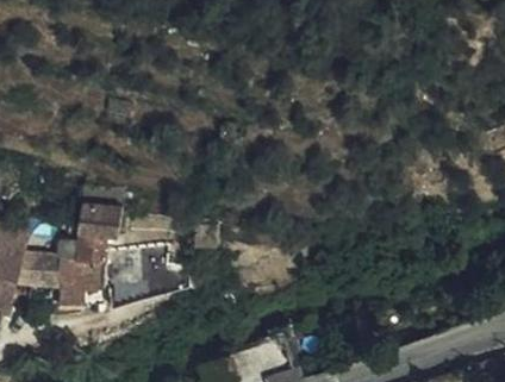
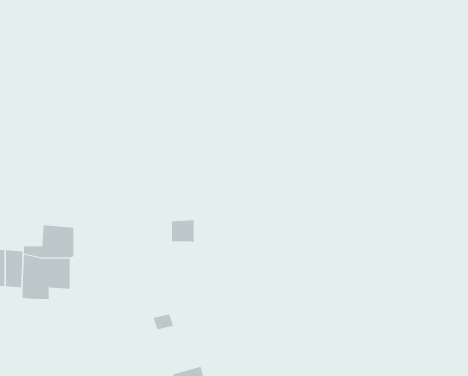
building: [76,205,119,237] -> none

